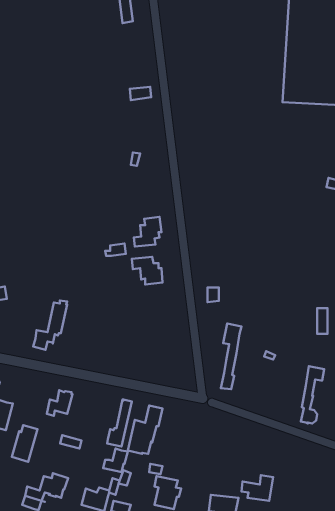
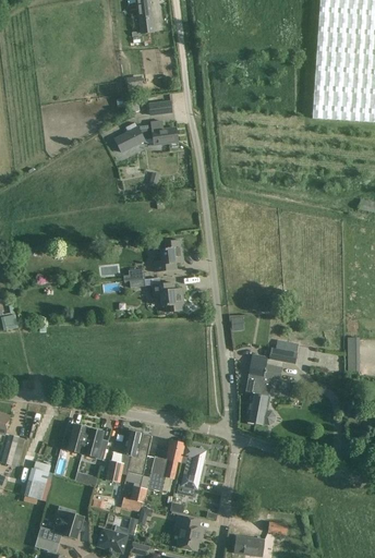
building: none -> [114,121,178,151]
building: [33,300,67,350] -> [106,429,142,482]
building: none -> [269,340,299,364]
building: [301,366,324,424] -> [257,364,282,425]
building: none -> [83,428,107,460]
building: none -> [177,446,206,497]

